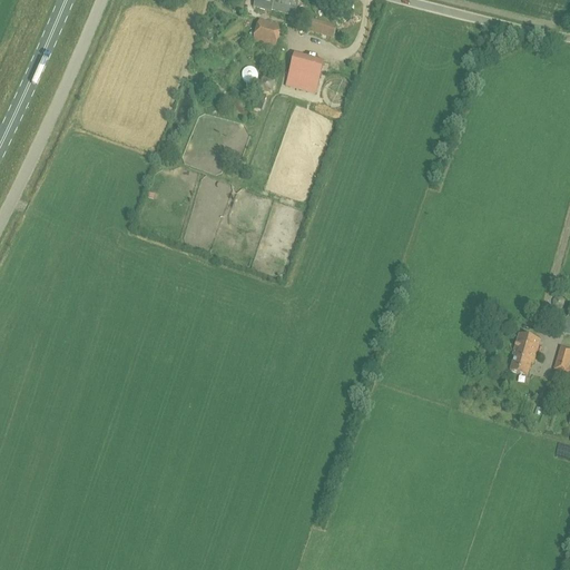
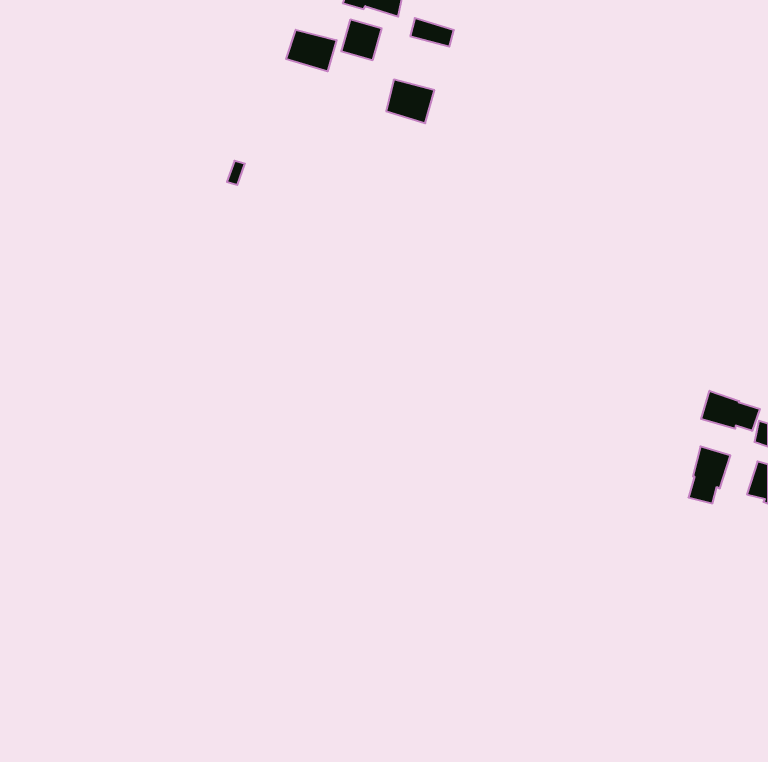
building: none -> [286,30,337,71]
building: none -> [701,391,760,431]

